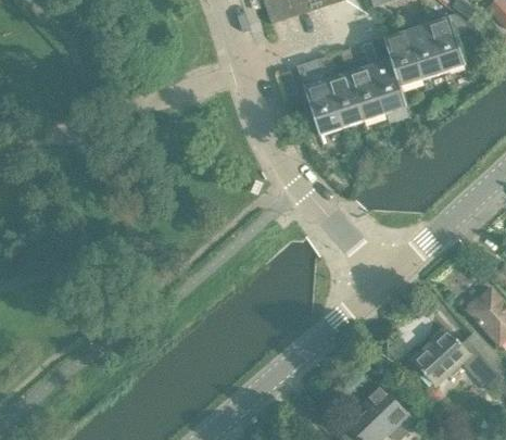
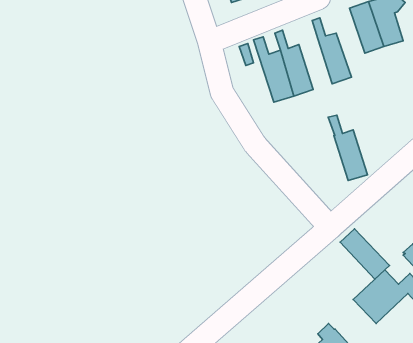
building: [384,28,422,106] -> none
building: [341,47,385,121] -> [328,115,367,180]
building: none -> [340,229,389,279]

